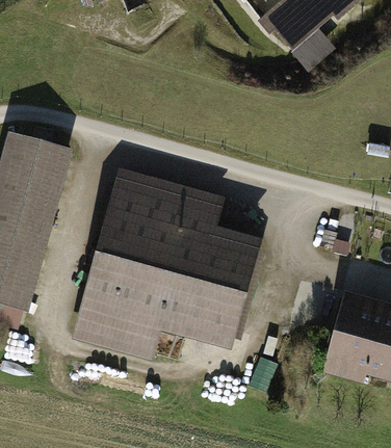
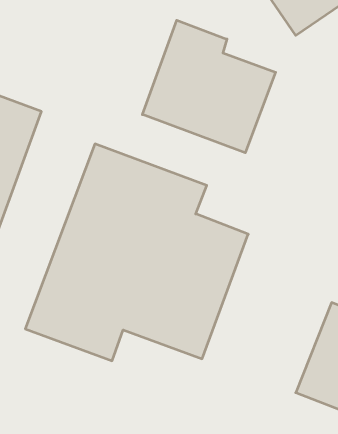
building: none -> [142,20,276,153]

